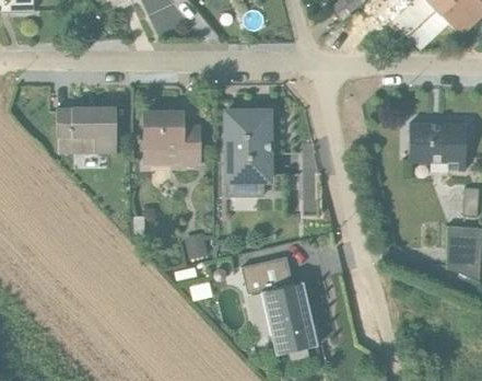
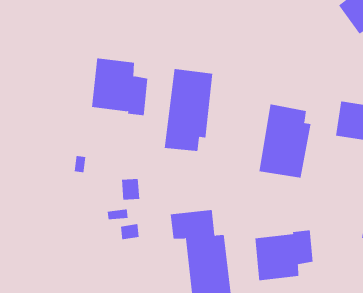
building: [57,106,116,153] -> none
building: none -> [259,103,311,179]
building: none -> [255,229,313,281]

